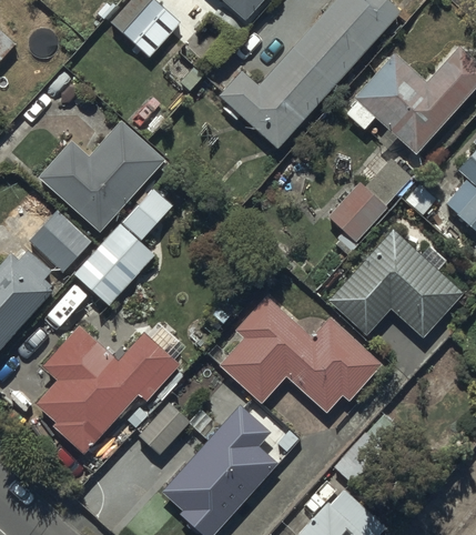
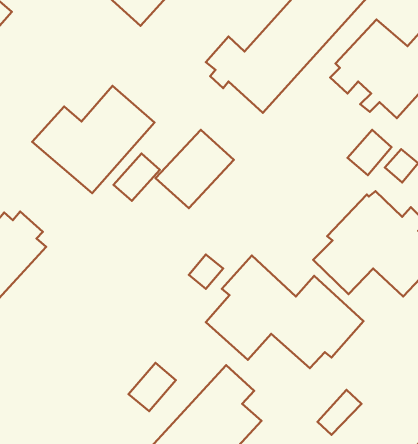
building: [328,189,388,255] -> none
building: [30,209,92,272] -> none
building: [74,224,155,305] -> [156,130,234,208]
building: [34,325,179,454] -> none

